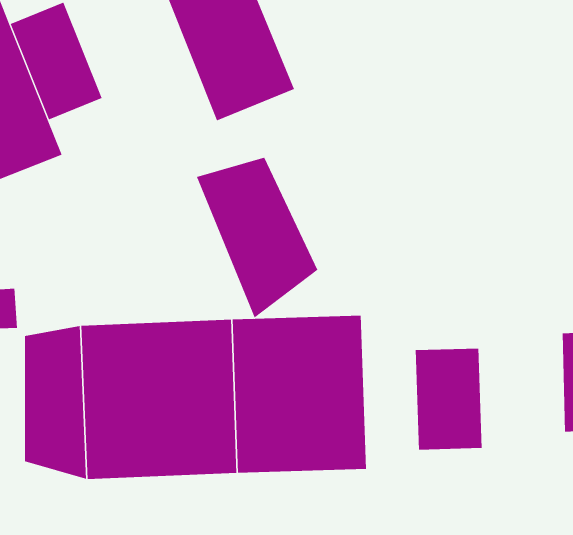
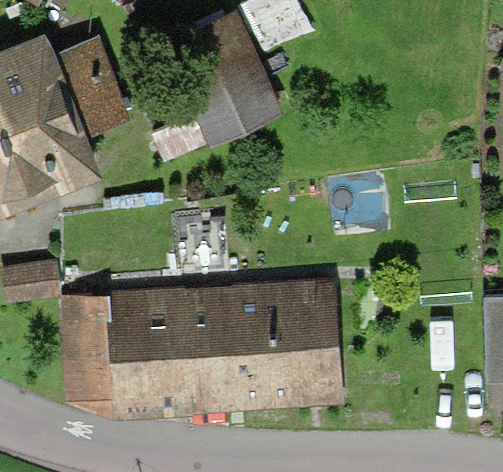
building: [196,157,318,318] -> none
building: [415,348,482,450] -> none

